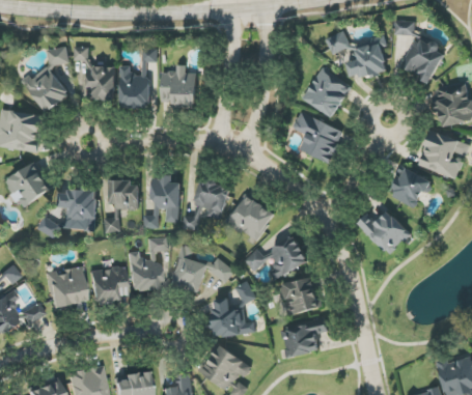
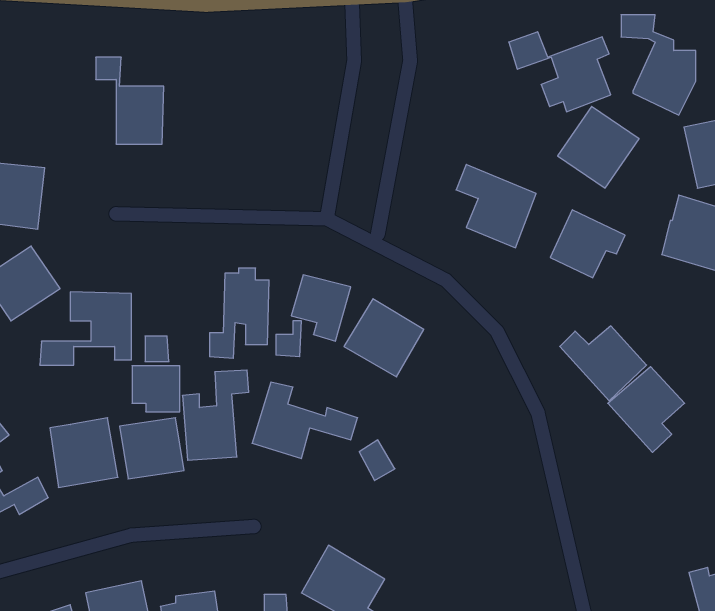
building: [21,47,68,113] -> none
building: [119,48,157,107] -> none
building: [161,64,196,105] -> none
building: [302,67,352,117] -> [558,106,639,188]
building: [388,166,434,207] -> [550,210,625,278]
building: [109,181,138,209] -> [132,366,180,412]
building: none -> [608,367,685,452]
building: [245,237,307,279] -> none
building: [279,276,320,315] -> none
building: [211,298,255,337] -> none
building: [280,319,327,358] -> none

